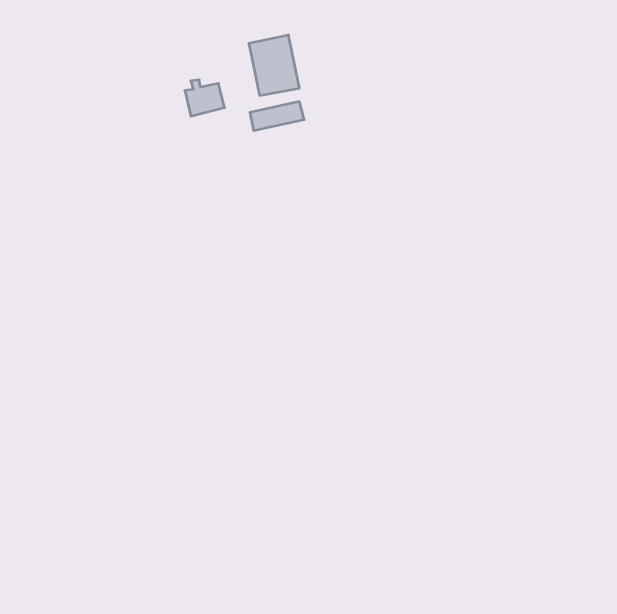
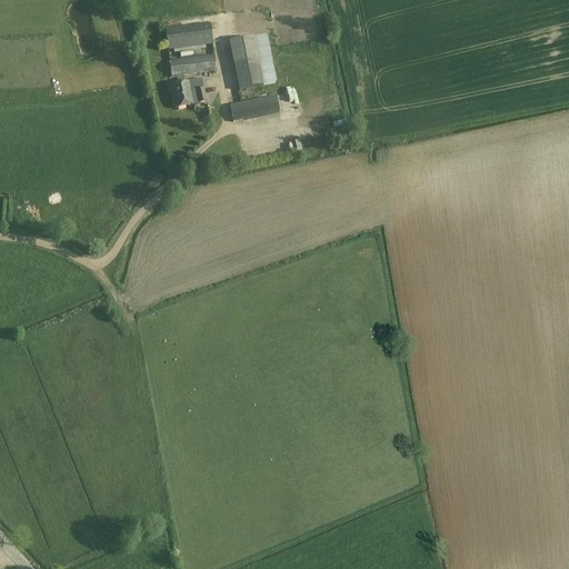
building: none -> [166,21,213,47]
building: none -> [169,53,217,74]

